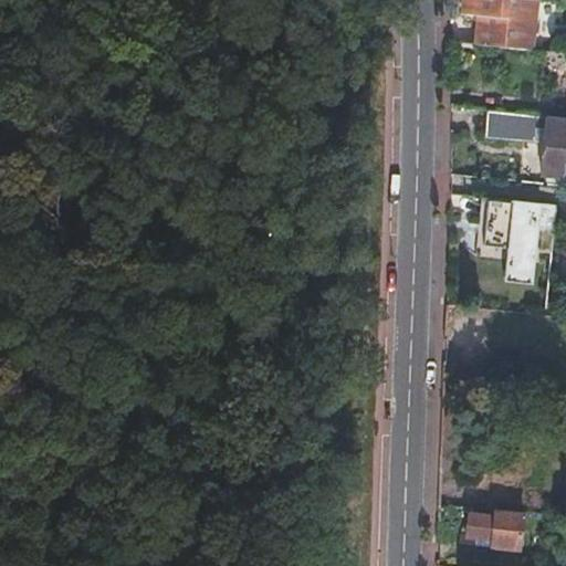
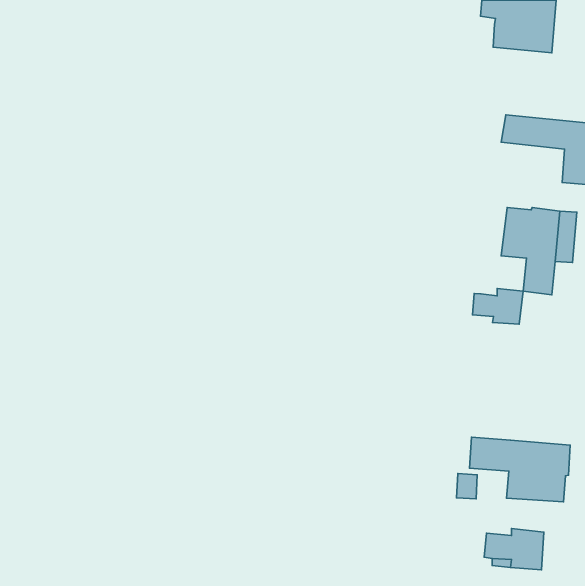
building: none -> [472,289,523,324]
building: none -> [470,437,570,502]

